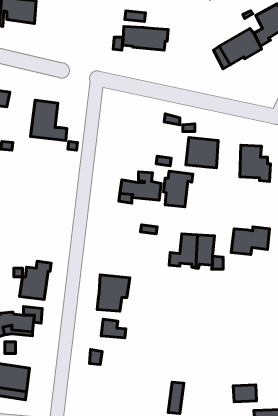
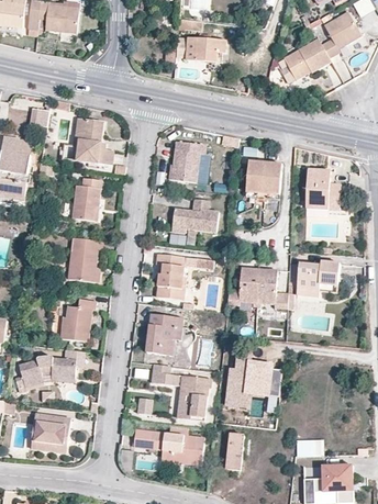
building: none -> [71,178,101,221]
building: [163,171,193,207] -> [171,142,204,181]
building: none -> [67,237,102,281]
building: none -> [155,254,185,300]
building: none -> [223,350,278,403]
building: none -> [179,376,211,421]
building: none -> [133,425,203,464]

